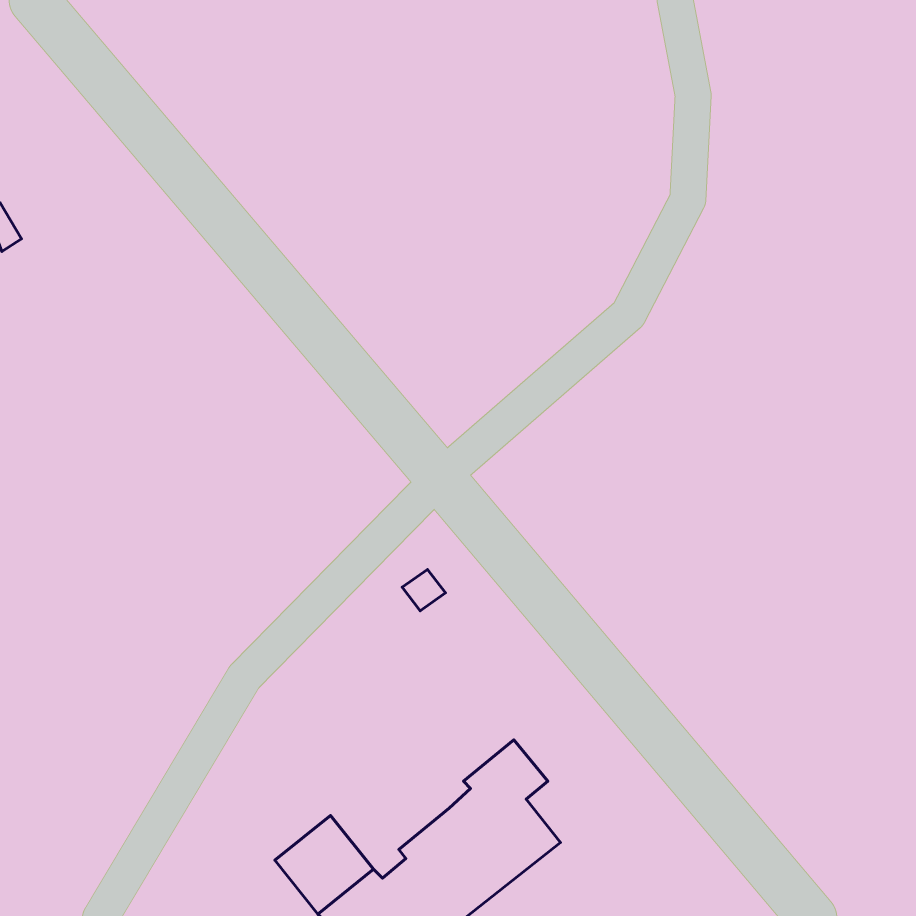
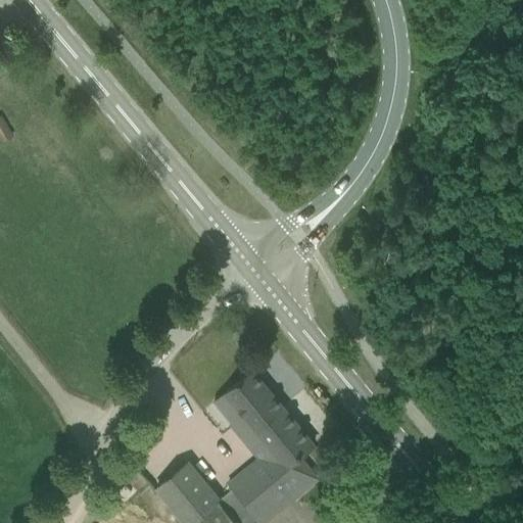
building: none -> [225,373,292,461]

